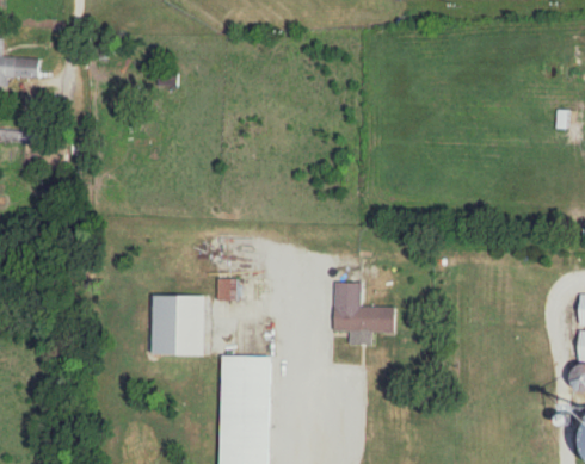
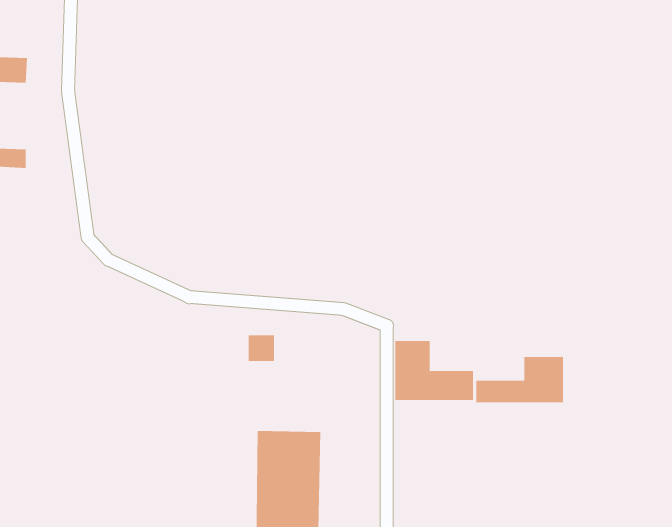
building: [149,296,207,357] -> none
building: none -> [476,356,564,403]

